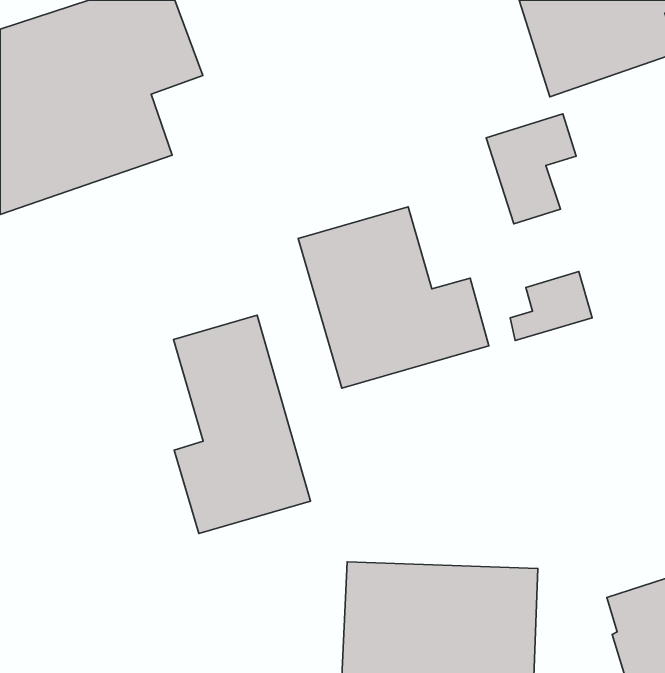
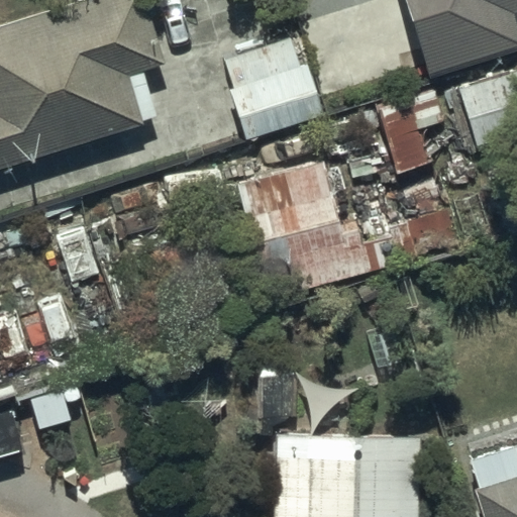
building: none -> [226,37,328,143]
building: [174,315,311,534] -> none

